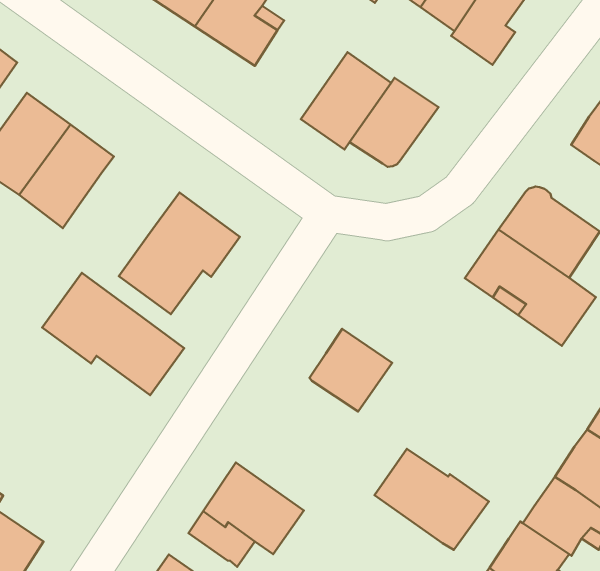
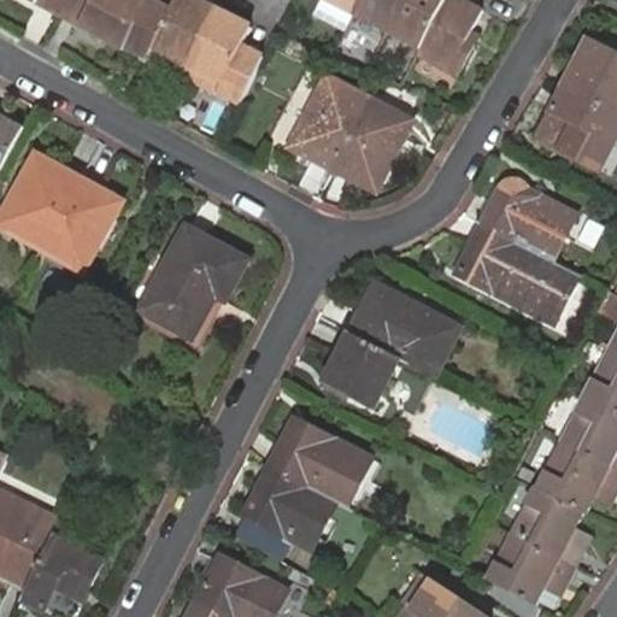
building: [42,273,184,395] -> none
building: none -> [349,283,459,375]
building: [375,449,489,550] -> [268,419,372,506]

